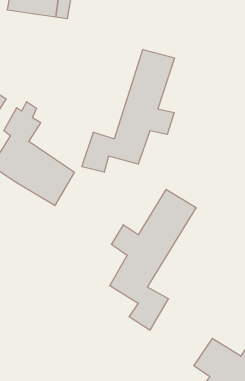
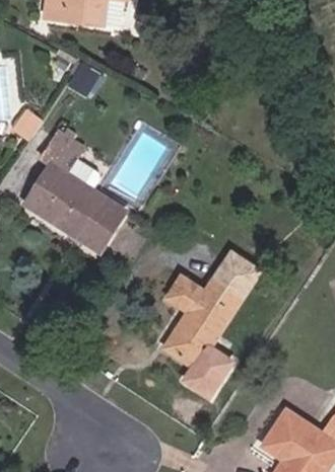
building: [82,49,174,172] -> none

